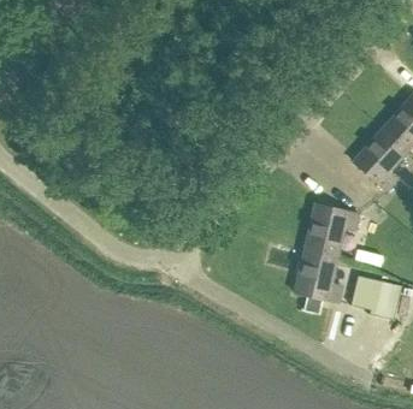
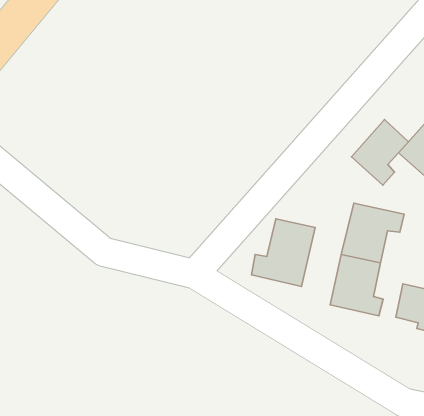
building: none -> [352,119,408,185]
building: none -> [251,219,315,286]

